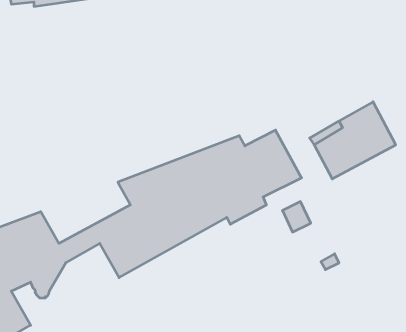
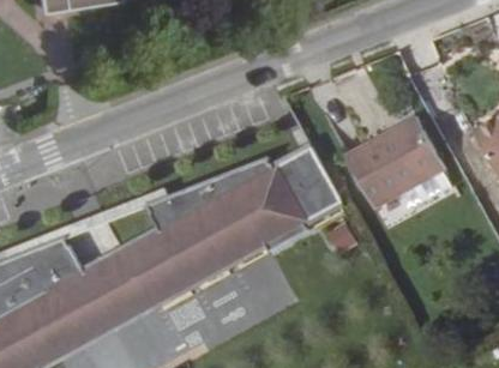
building: none -> [36,269,150,355]

